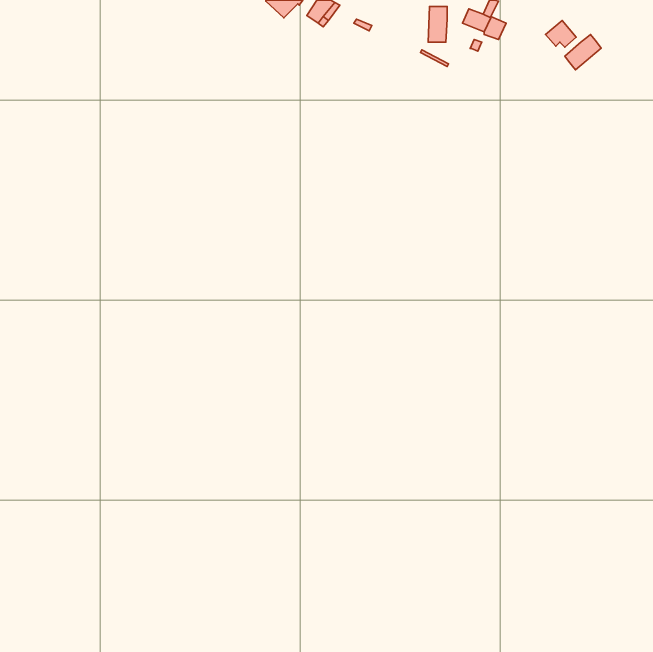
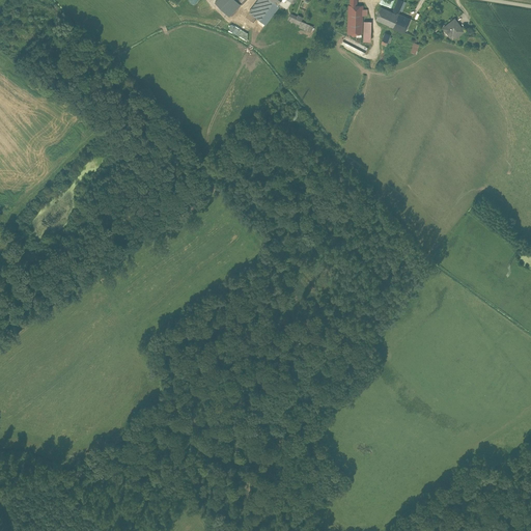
building: [565,34,601,70] -> none

